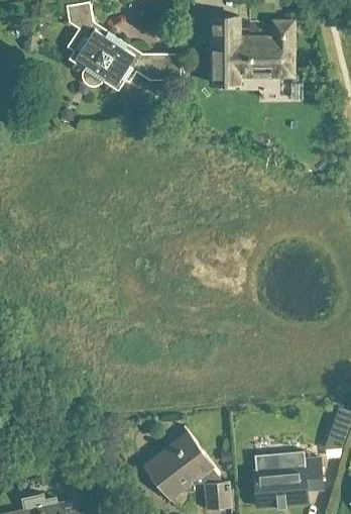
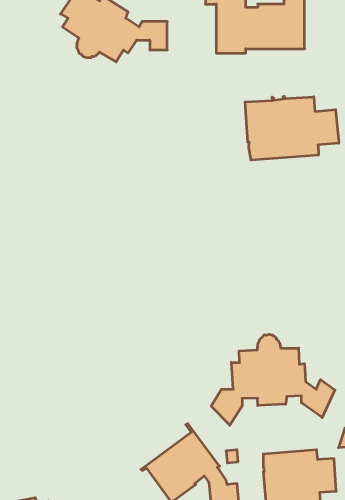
building: none -> [245,96,339,160]
building: none -> [211,334,335,425]

